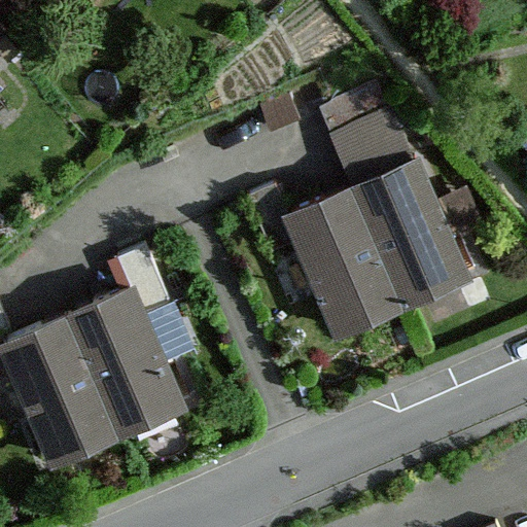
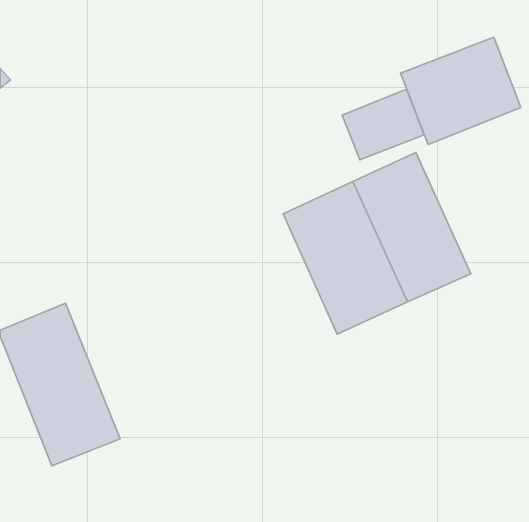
building: none -> [400,37,521,145]
building: [66,281,189,444] -> none

